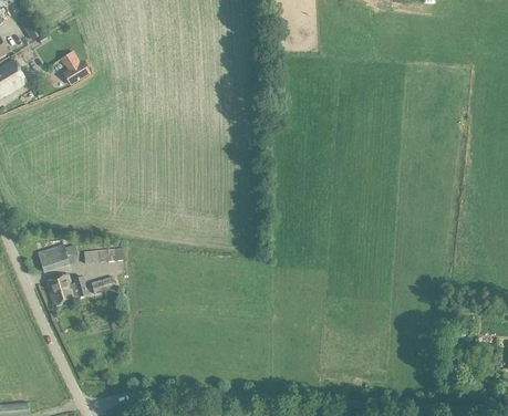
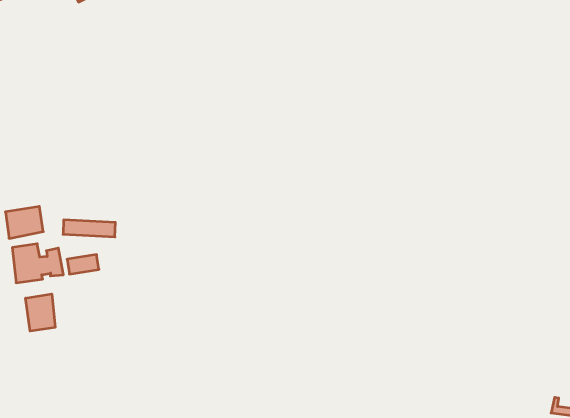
building: none -> [26,294,55,331]

